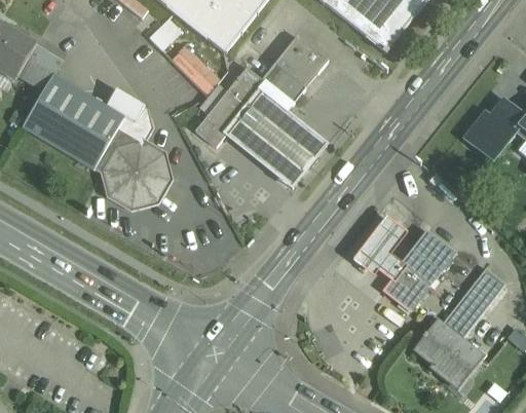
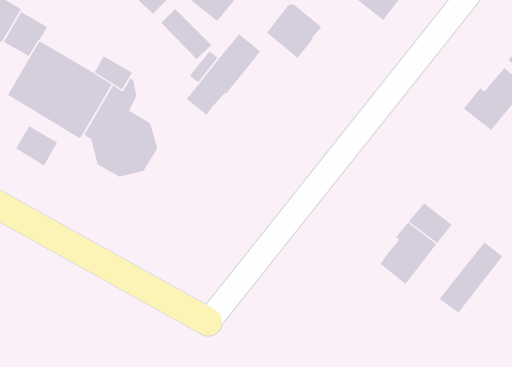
building: [261,64,304,106] -> none
building: [223,90,329,191] -> none
building: none -> [15,125,58,167]
building: [351,214,406,279] -> none
building: [414,324,483,381] -> none

